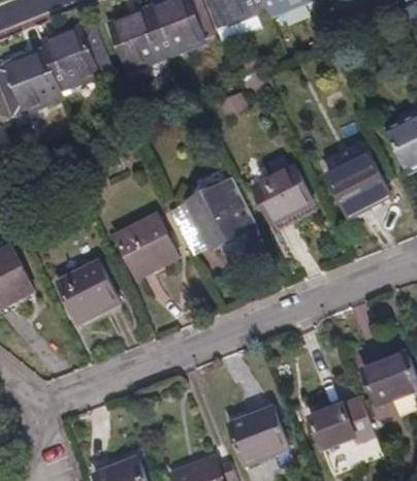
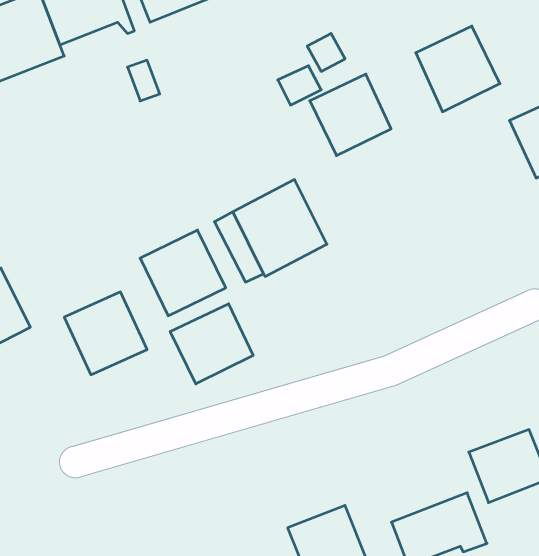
building: [329,155,391,218] -> [416,26,500,112]
building: [254,165,314,225] -> [310,74,391,156]
building: none -> [170,304,253,384]

